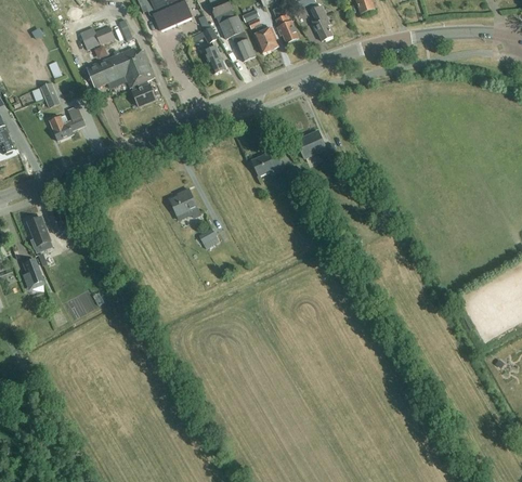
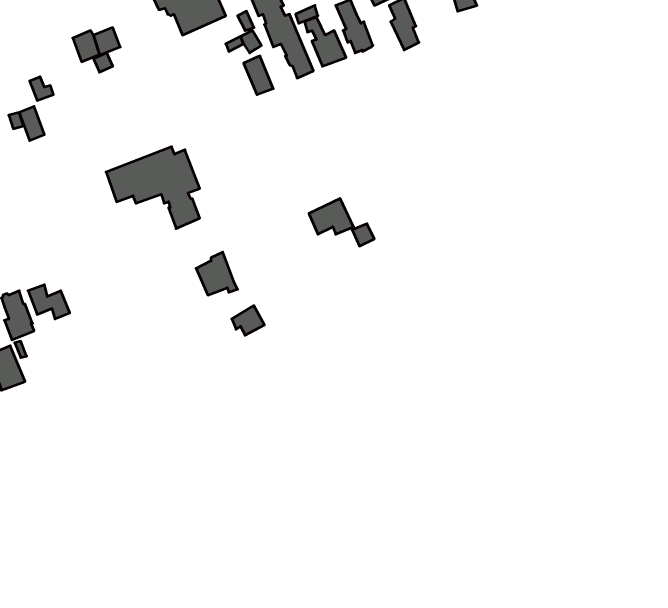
building: [87,47,155,106] -> [106,147,200,229]
building: [48,105,84,141] -> none
building: [295,130,337,160] -> none

